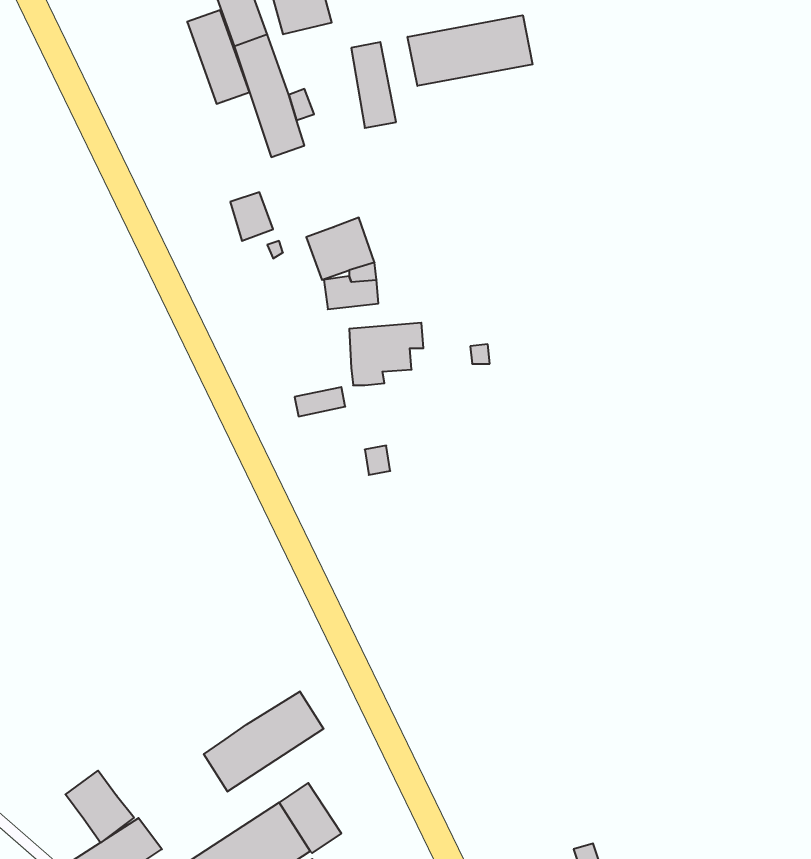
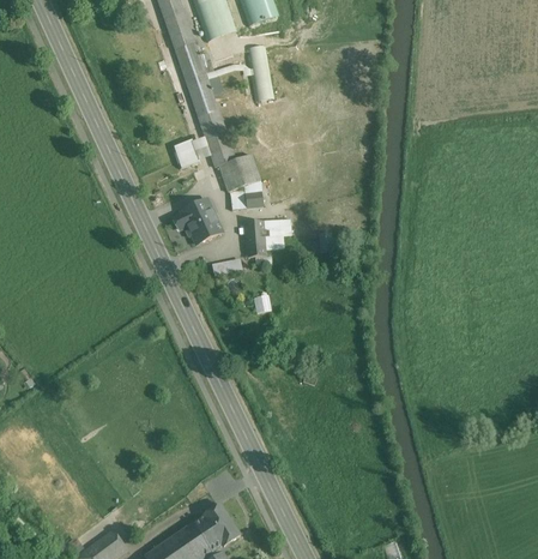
building: [187,10,249,104] -> [197,110,235,168]
building: [408,15,533,86] -> none
building: none -> [173,200,222,245]
building: [204,691,324,792] -> none
building: [65,771,134,843] -> none

